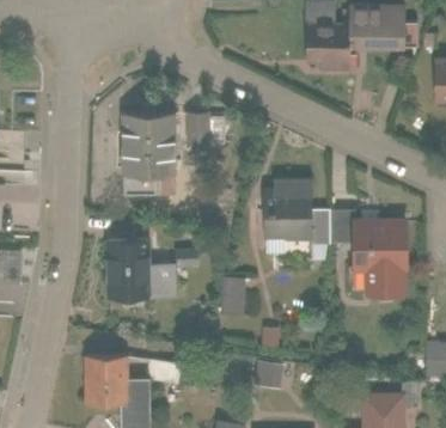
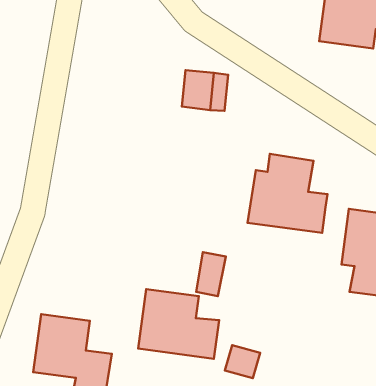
building: [122,111,177,195] -> none
building: [106,240,177,295] -> [138,289,219,359]

